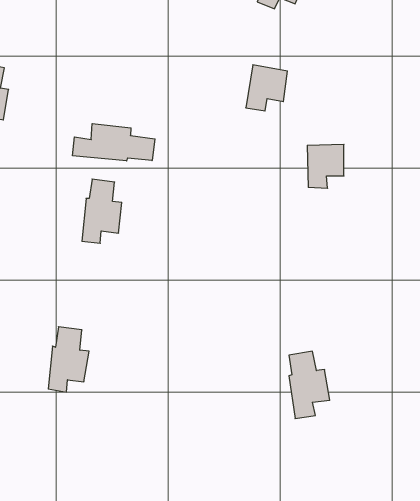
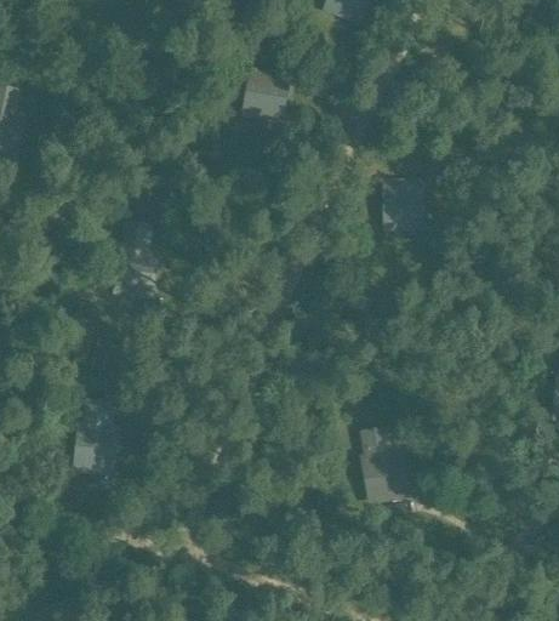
building: [246,65,287,111] -> [244,67,293,121]
building: [73,124,155,161] -> none

